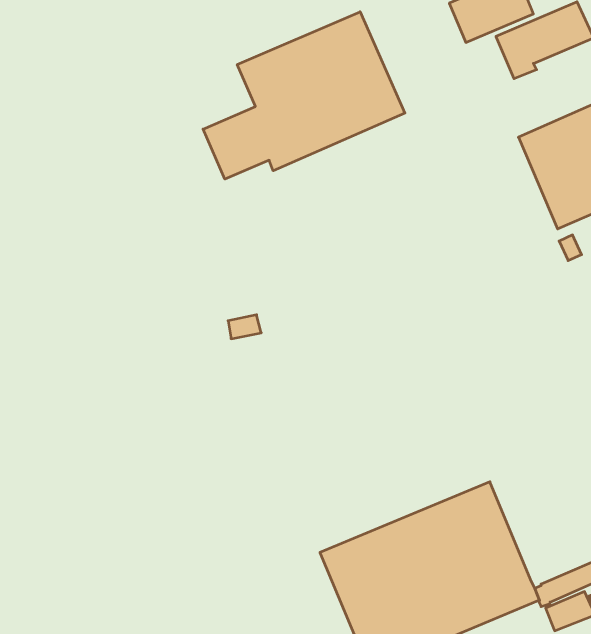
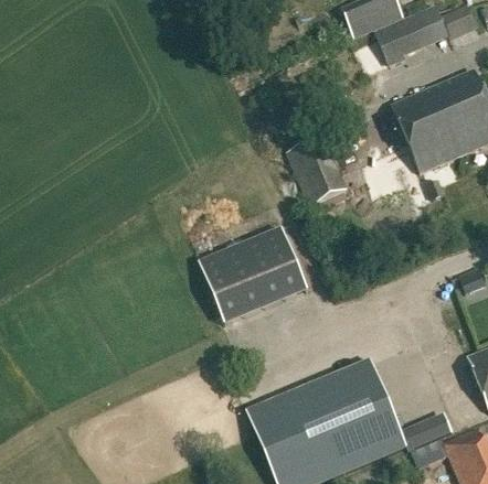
building: [203,12,405,179] -> none
building: none -> [288,135,348,203]
building: none -> [205,217,314,314]

